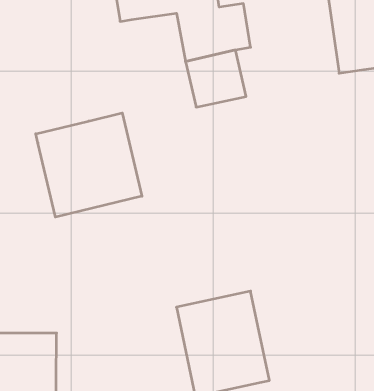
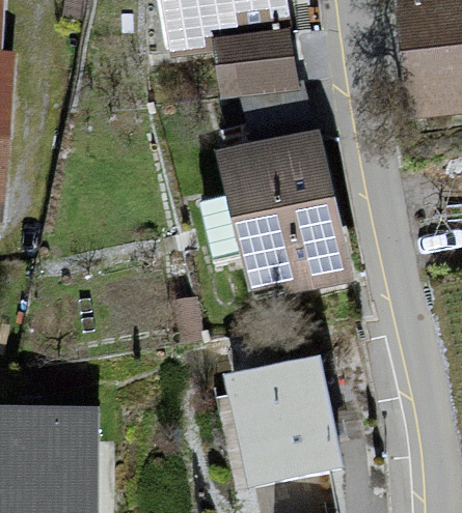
building: none -> [197,140,339,281]
building: [36,113,142,217] -> none

